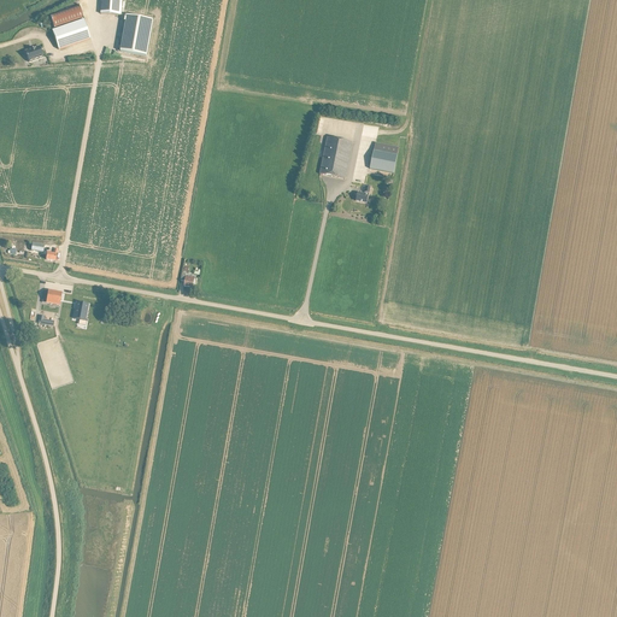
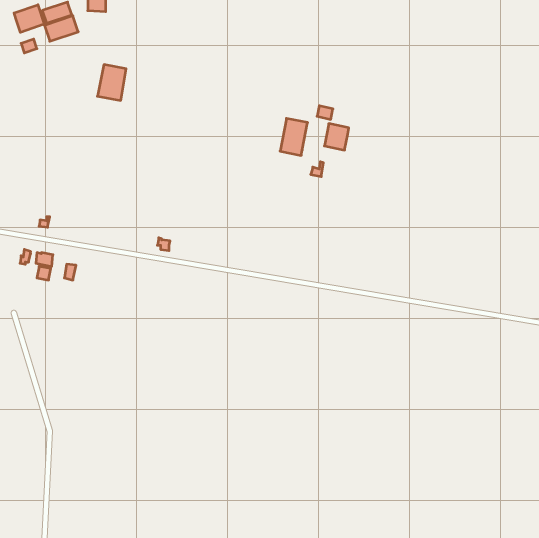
building: none -> [14,5,44,32]
building: [119,13,152,54] -> [97,65,126,100]

